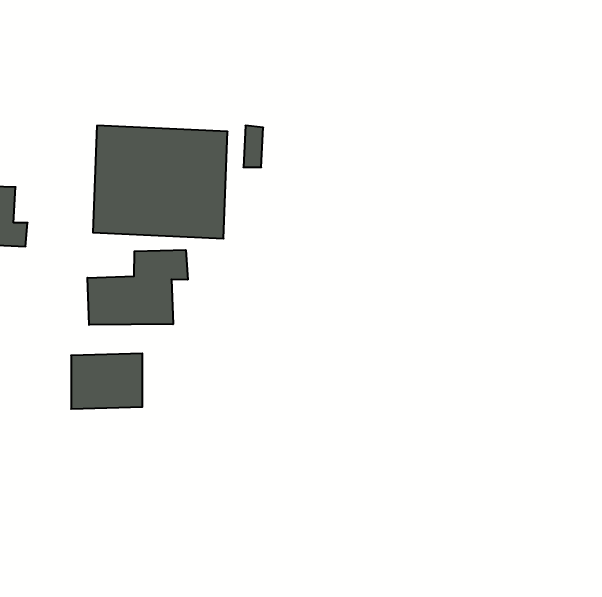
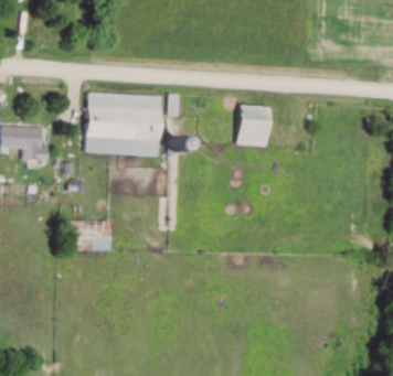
building: none -> [240,105,269,144]
building: [87,250,188,325] -> none

